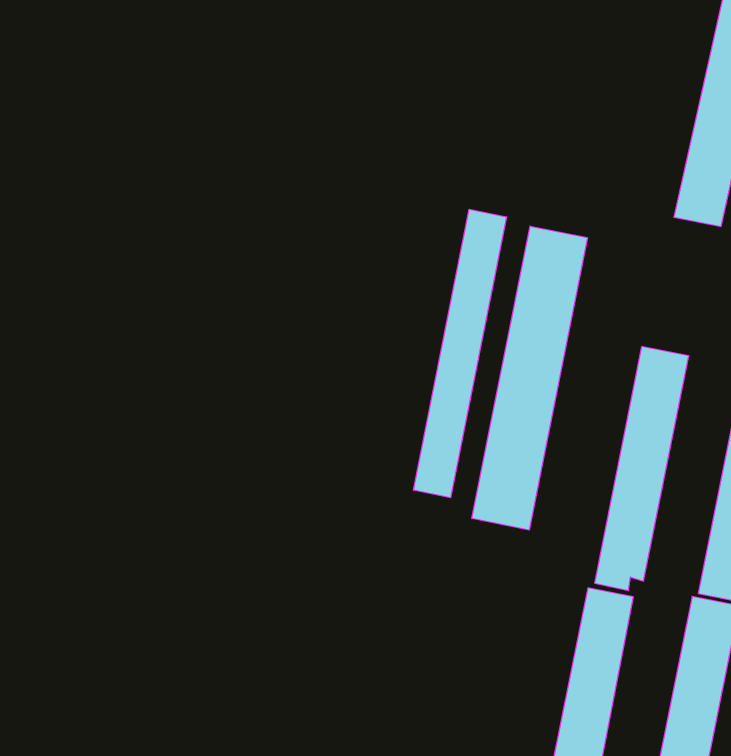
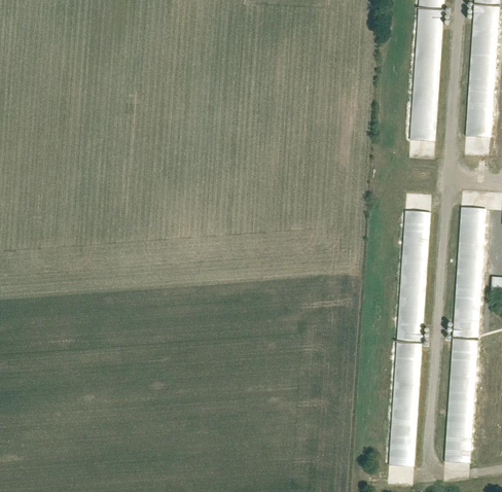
building: [413,209,507,498] -> none
building: [472,226,587,530] -> none

